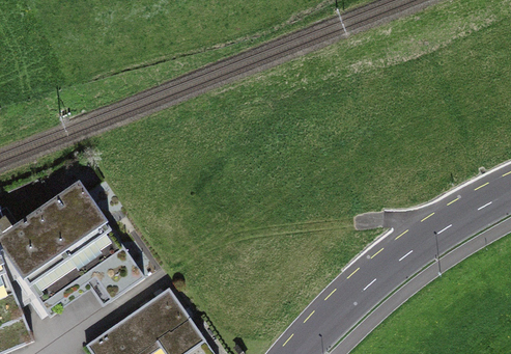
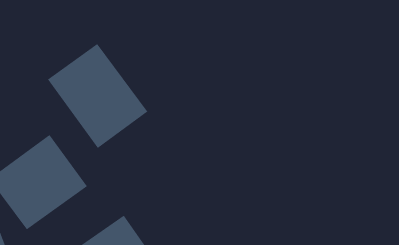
building: none -> [47,43,148,149]

